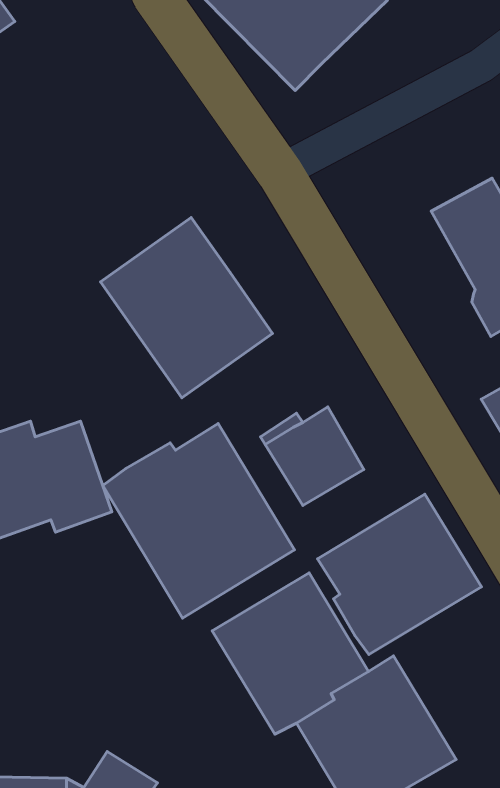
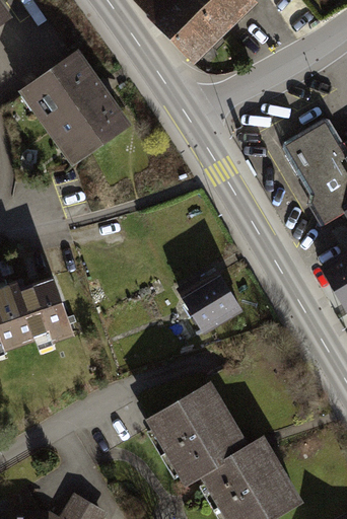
building: [100,218,273,398] -> [19,53,131,169]
building: [103,423,294,618] -> none
building: [318,494,481,655] -> none

